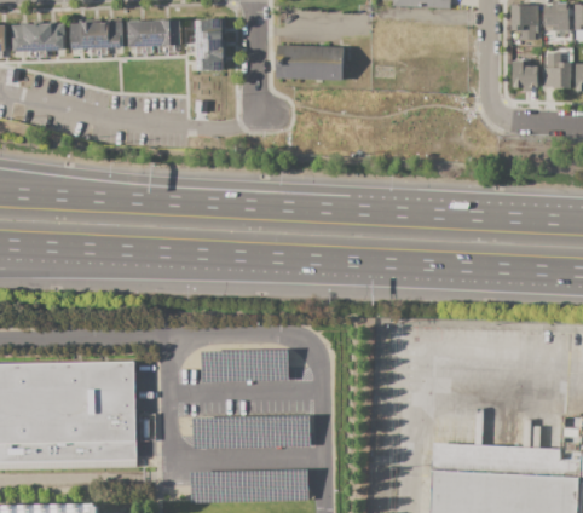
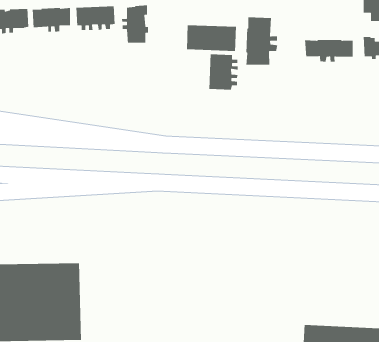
building: none -> [245,16,278,66]
building: none -> [304,39,353,62]
building: none -> [209,54,239,90]

